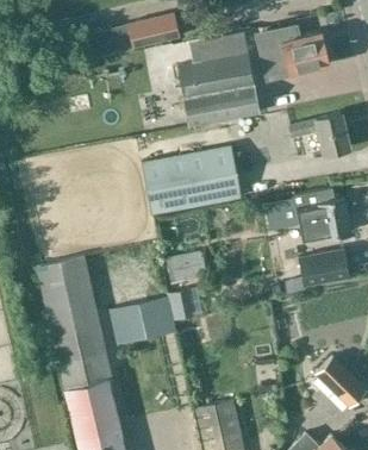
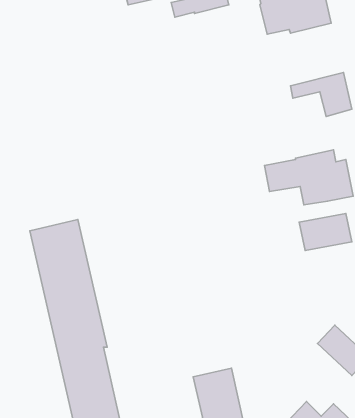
building: [177,54,258,127] -> none
building: [141,146,241,215] -> none
building: [167,254,206,281] -> none
building: [108,299,175,348] -> none

